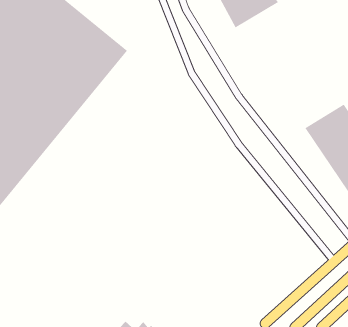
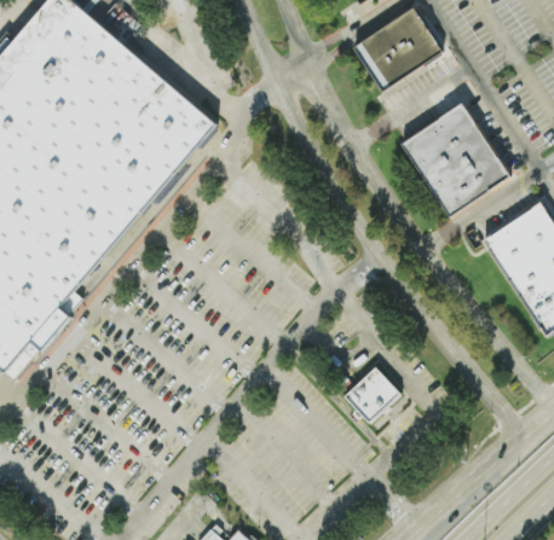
building: none -> [402,103,508,215]
building: none -> [344,364,402,422]

